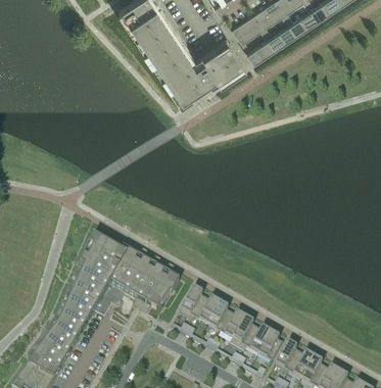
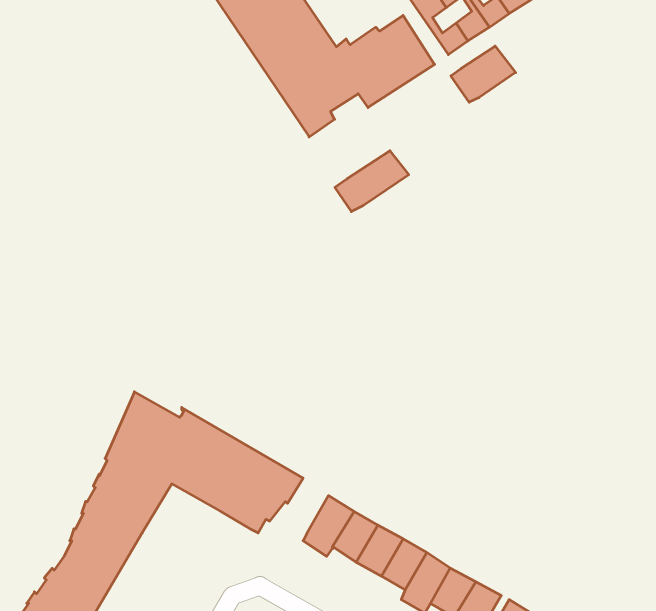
building: none -> [451,46,516,102]
building: none -> [335,151,409,212]

